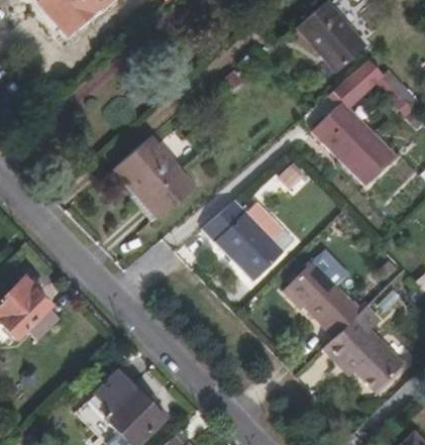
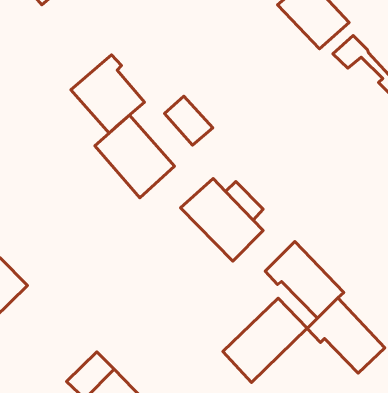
building: none -> [71,55,145,133]
building: [294,91,396,186] -> none
building: none -> [164,96,213,145]
building: none -> [223,298,307,383]

